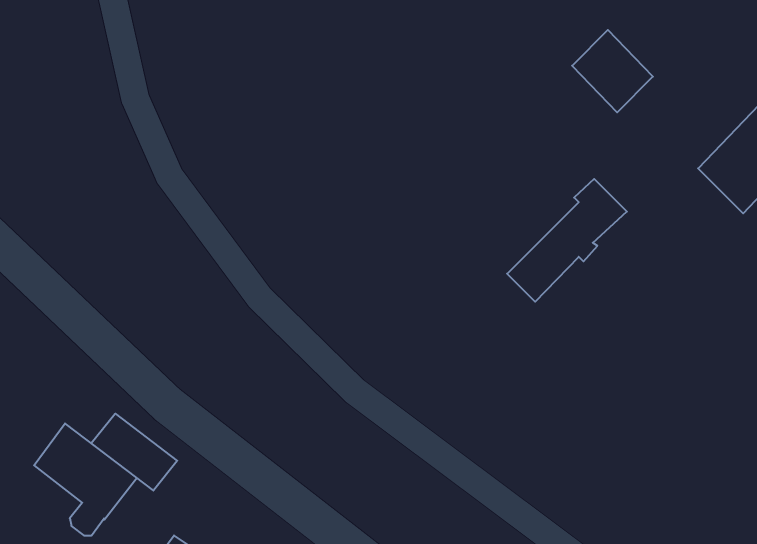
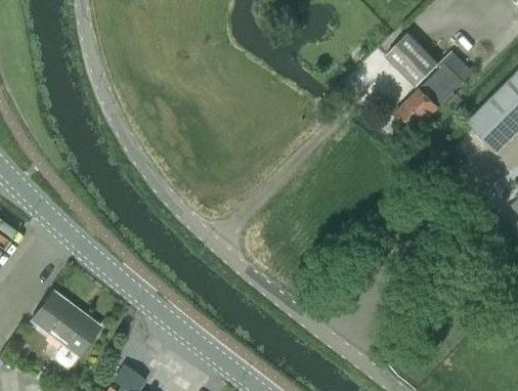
building: [507,179,627,302] -> [395,51,474,132]
building: [91,414,177,491] -> none

